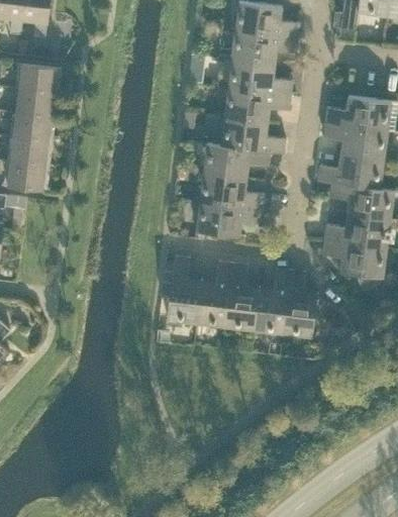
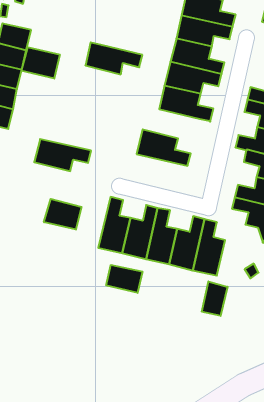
building: none -> [21,47,60,79]
building: [202,143,269,178] -> [85,42,142,74]
building: [194,202,261,236] -> [34,139,91,171]
building: none -> [44,199,82,230]
building: none -> [106,265,142,293]
building: none -> [202,281,228,316]

